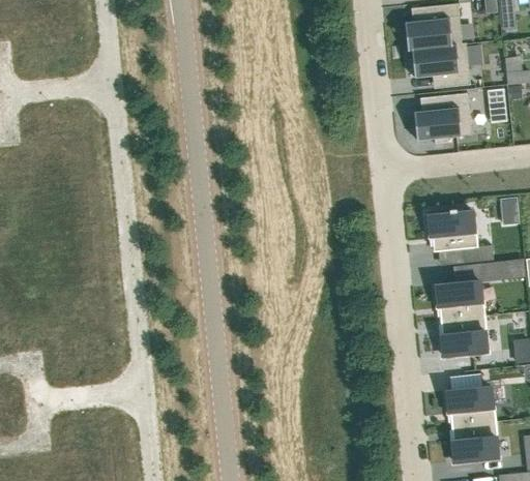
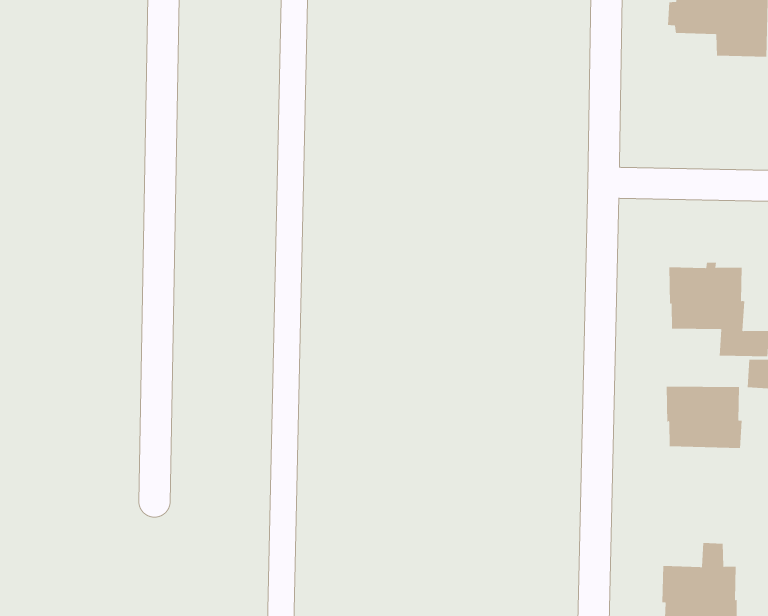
building: [414,92,472,143] -> none
building: [441,315,488,356] -> none

